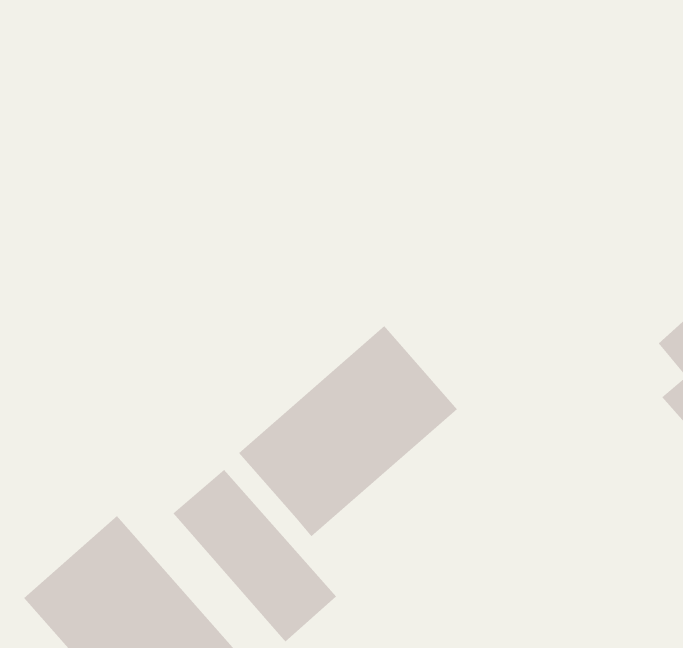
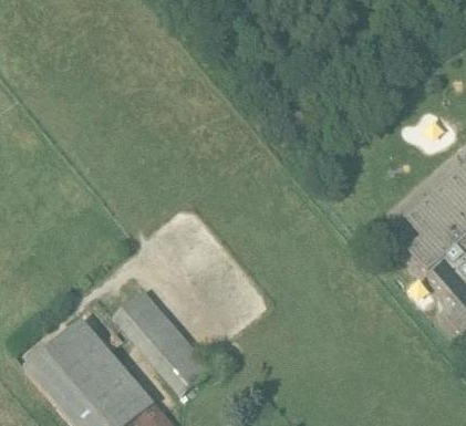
building: [238,325,458,537] -> none

